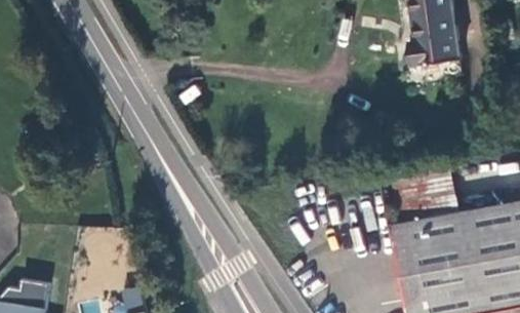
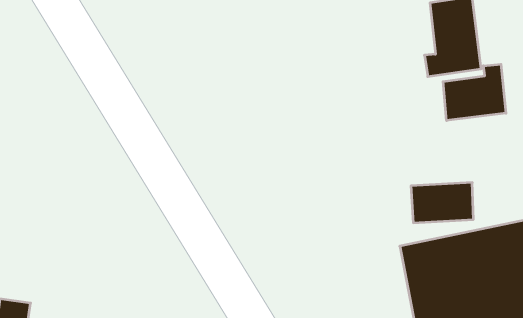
building: none -> [443,64,506,121]

